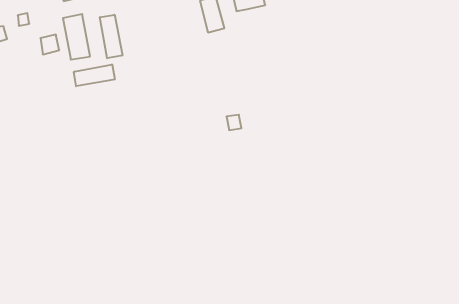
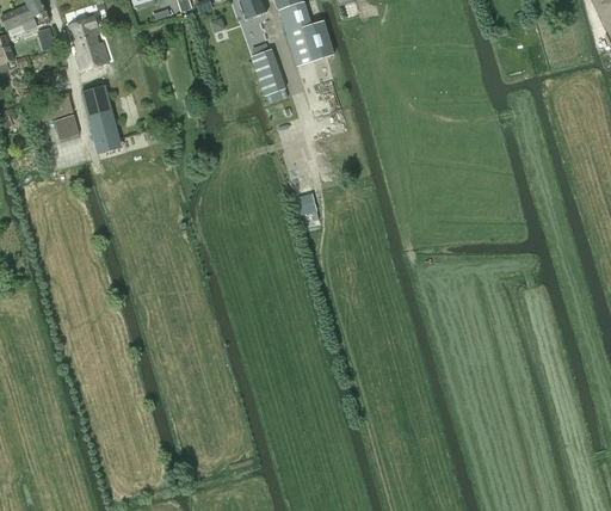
building: [100,15,122,58] -> none
building: [74,64,115,86] -> none

